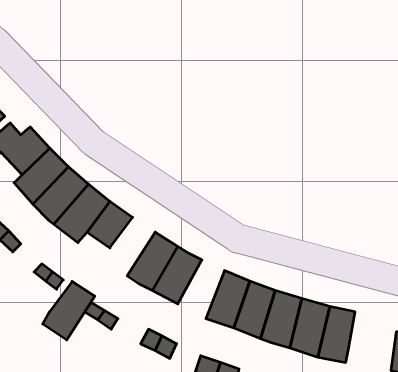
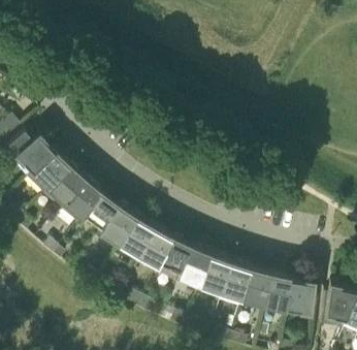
building: none -> [155,236,191,282]
building: [43,281,95,340] -> [97,203,137,249]
building: none -> [287,277,314,309]

